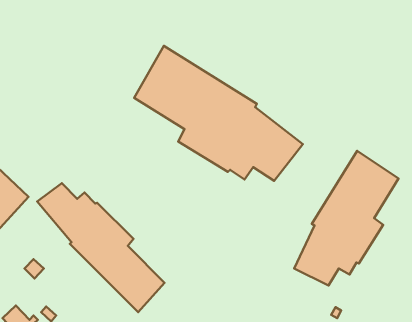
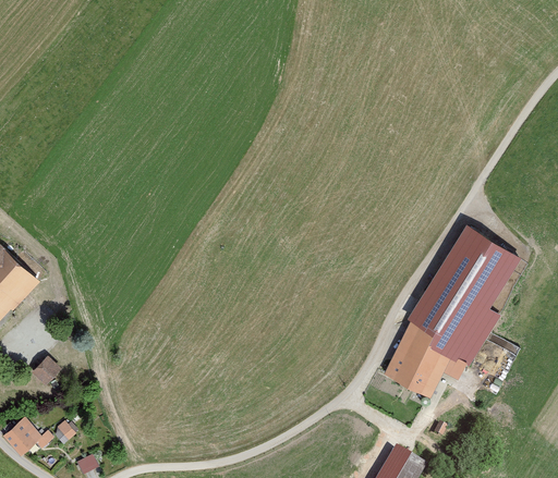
building: [134,46,303,181] -> none
building: [37,183,164,312] -> none

